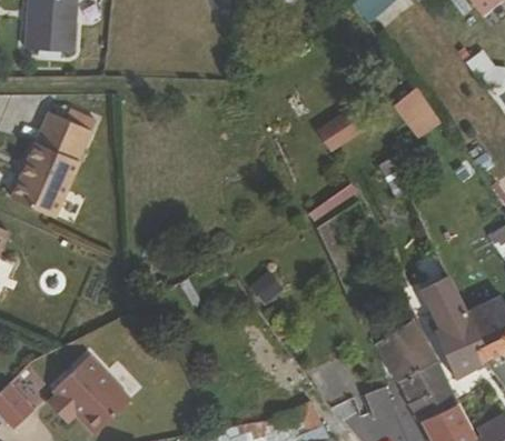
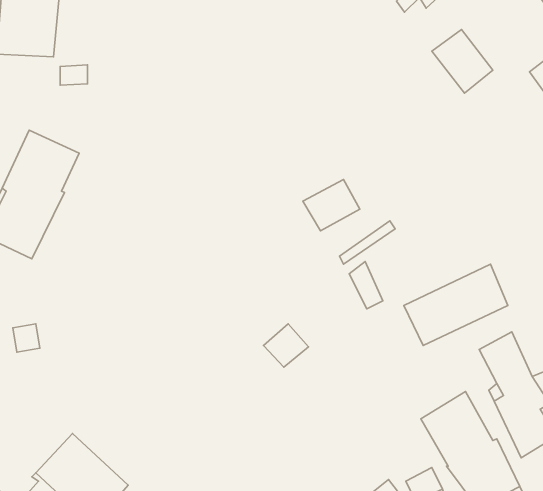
building: [390,86,440,138] -> [432,29,493,93]
building: [313,108,359,150] -> [303,179,360,231]
building: none -> [404,264,508,346]

